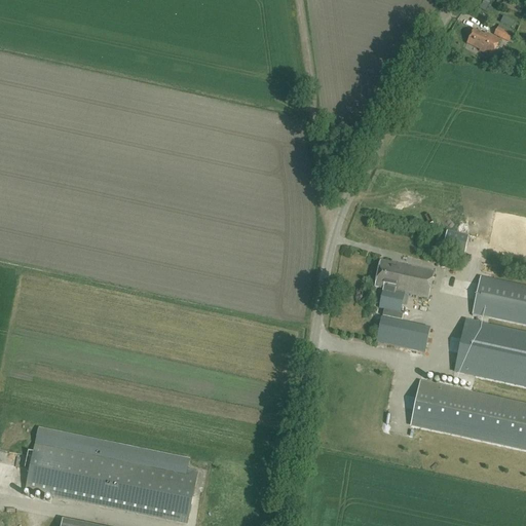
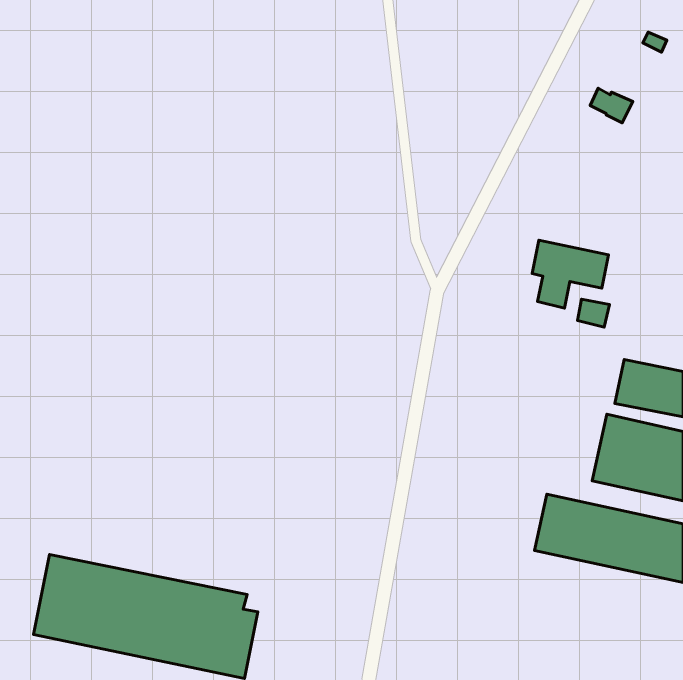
building: [467,28,500,54] -> [590,88,633,123]
building: [375,258,434,310] -> [532,240,608,308]
building: [377,315,429,350] -> none

